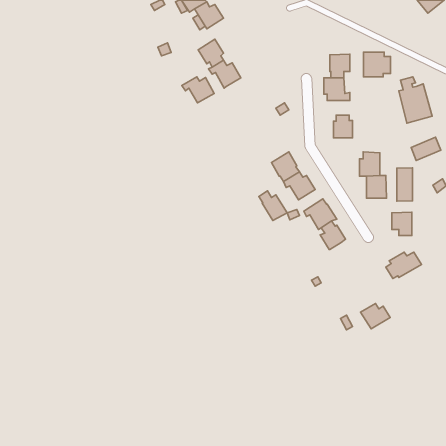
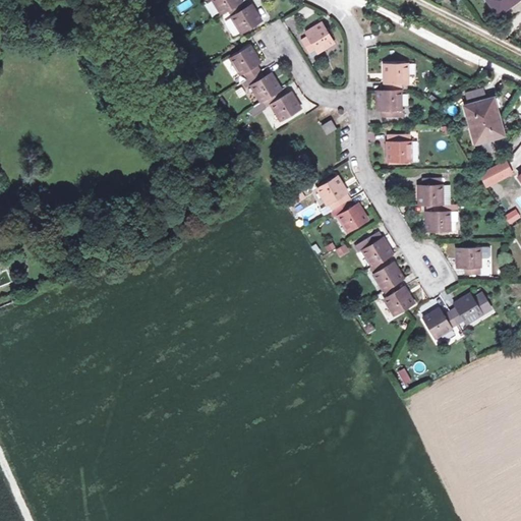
building: none -> [301,22,334,53]
building: [364,52,390,77] -> none
building: [182,77,214,103] -> [264,91,301,121]
building: [397,168,413,201] -> none
building: [259,191,287,221] -> none
building: none -> [385,283,415,315]
building: [361,304,390,329] -> [423,308,458,338]

